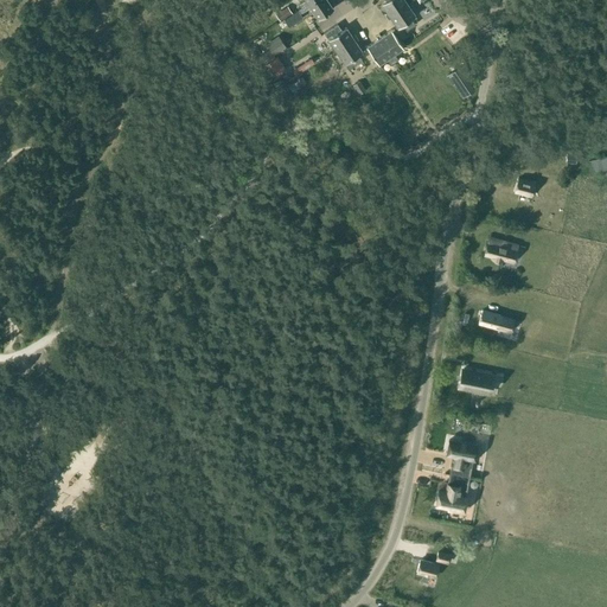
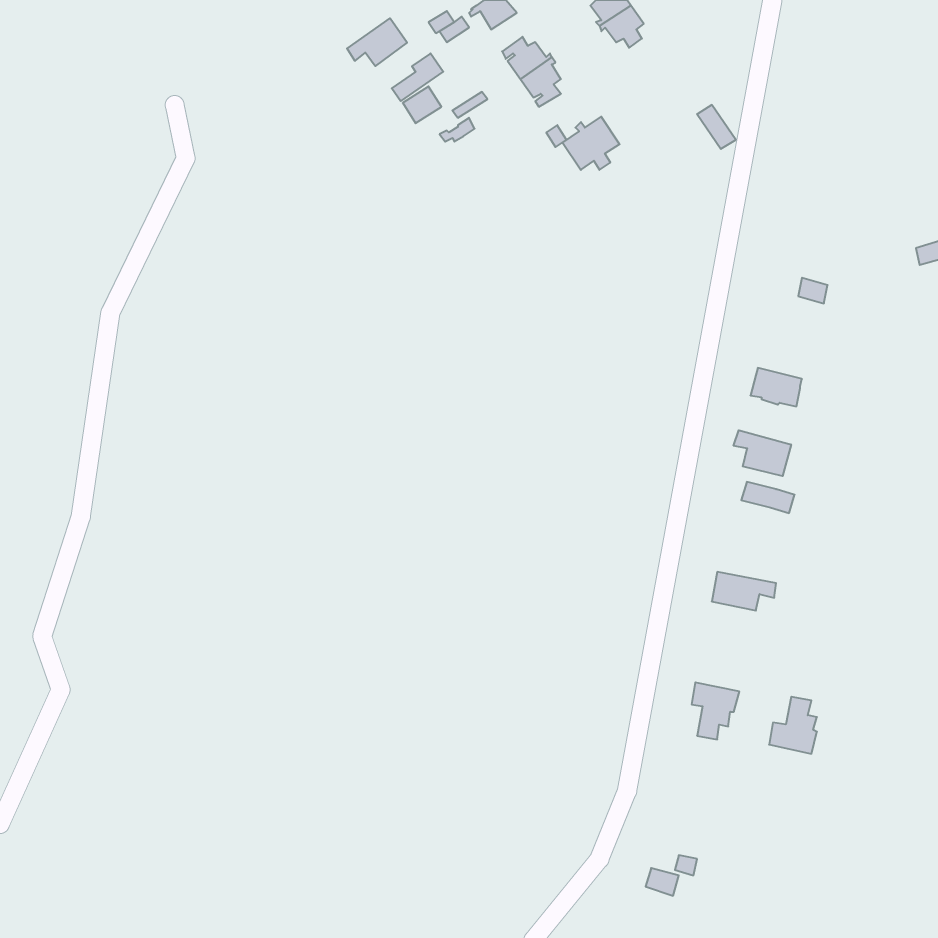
building: none -> [347,18,407,66]
building: [368,31,404,65] -> [563,117,620,170]
building: none -> [734,430,791,476]
building: [436,475,467,512] -> [769,697,817,754]

